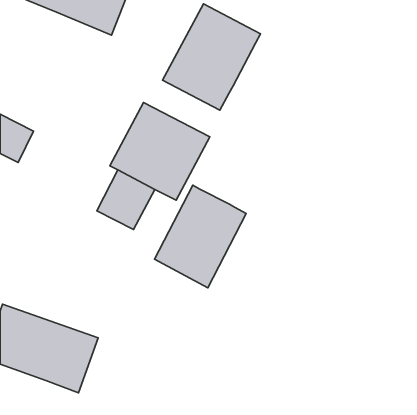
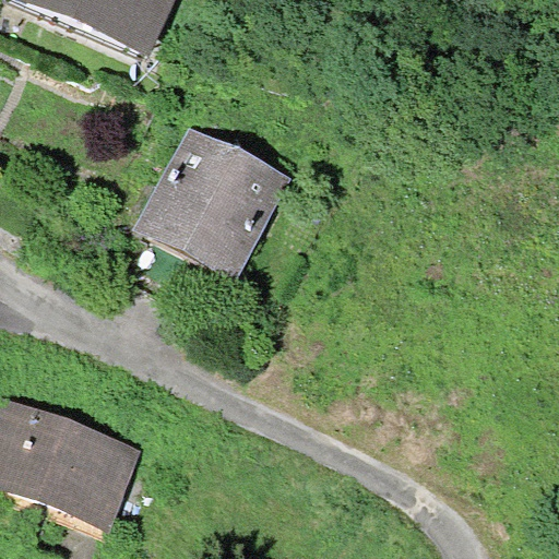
building: [163,4,261,110] -> none
building: [155,185,246,288] -> none

